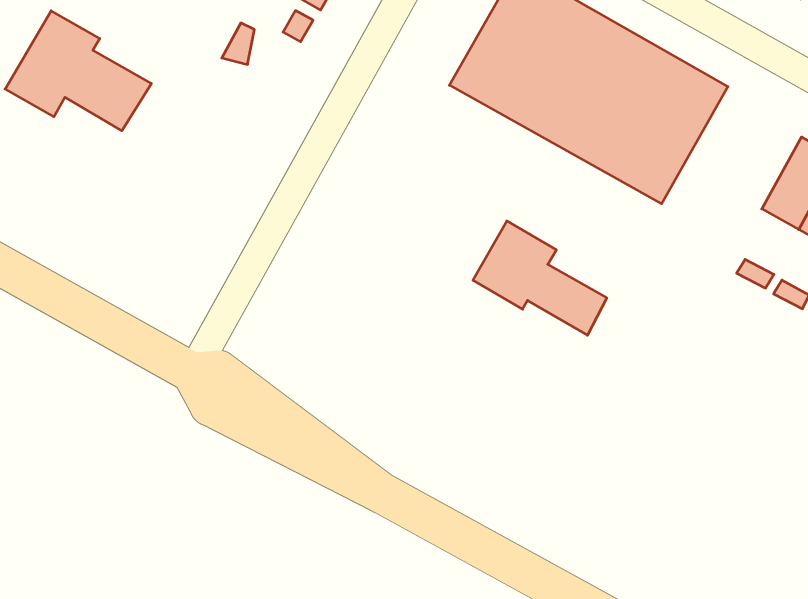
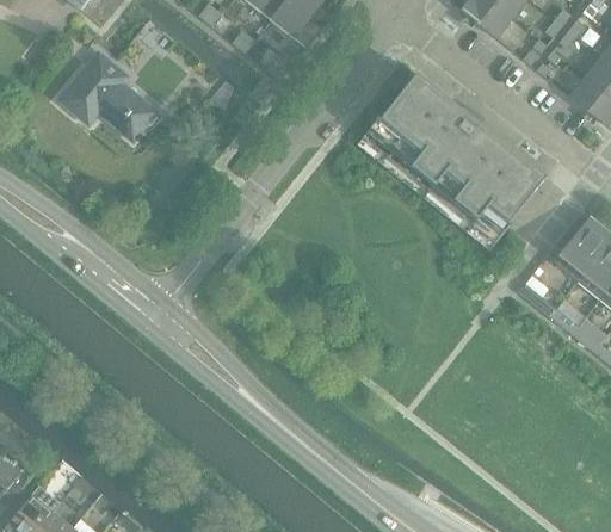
building: [473,221,607,335] -> none

